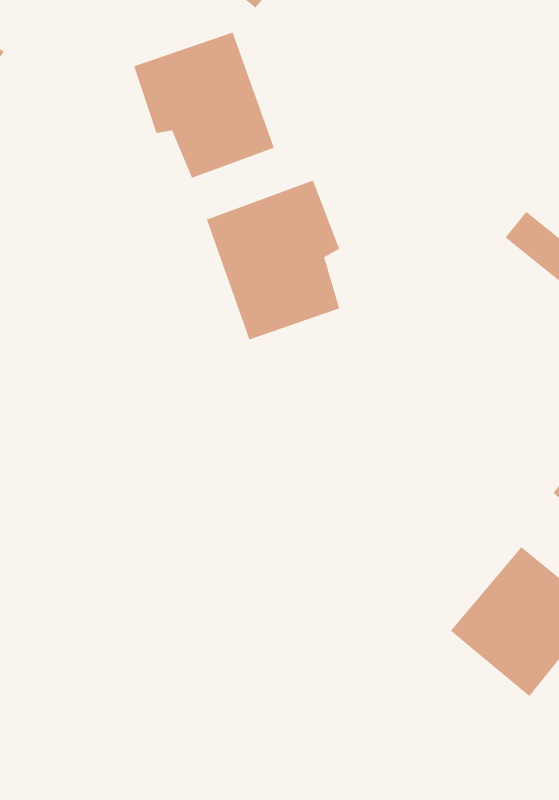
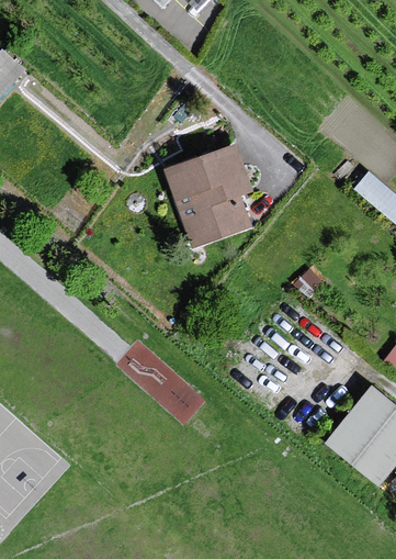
building: [133,31,275,179] -> none

